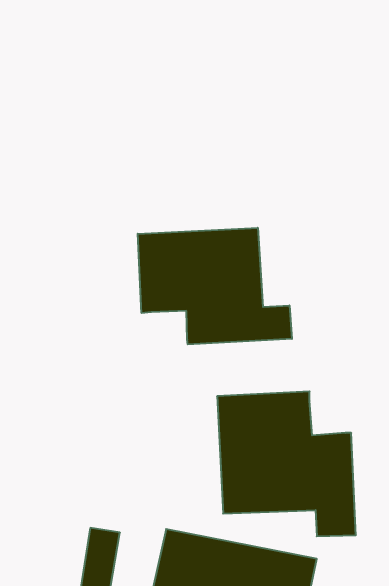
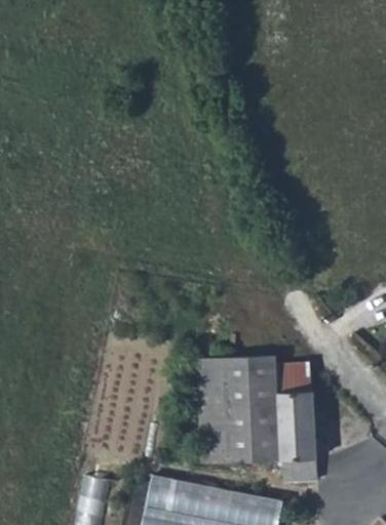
building: [138,228,292,344] -> none
building: none -> [277,362,308,394]

